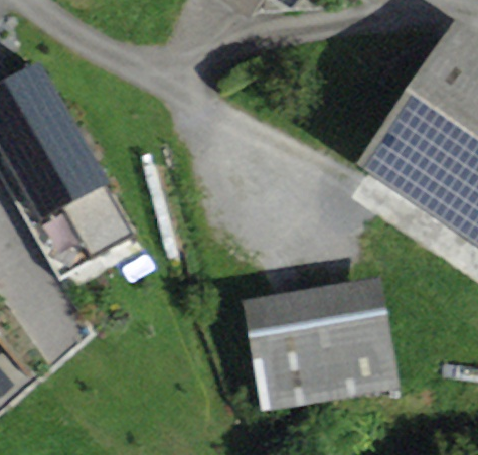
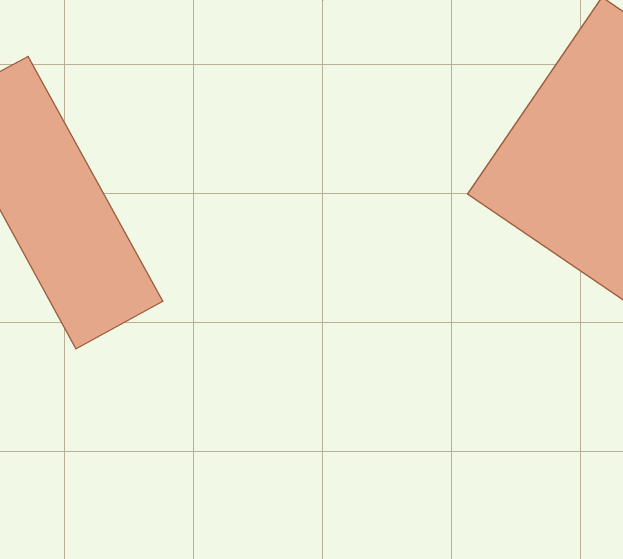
building: [246,276,399,406] -> none

